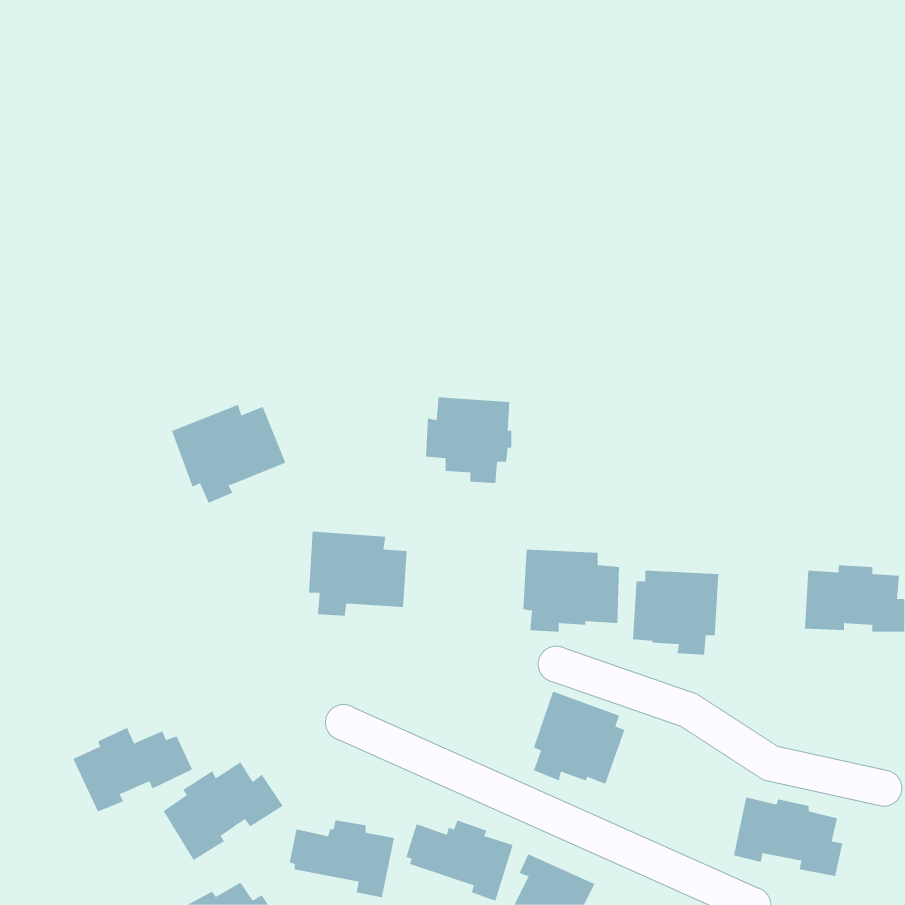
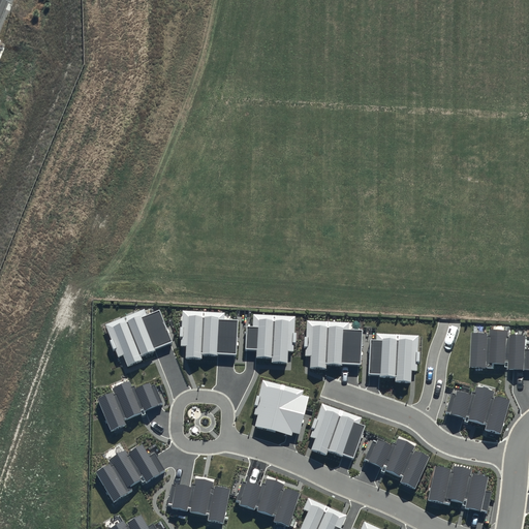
building: [425,397,512,483] -> [246,313,297,364]
building: [171,404,286,503] -> [105,309,173,367]
building: none -> [254,379,309,436]
building: none -> [446,386,510,434]
building: [73,727,193,812] -> [96,380,166,430]
building: none -> [364,439,430,489]

